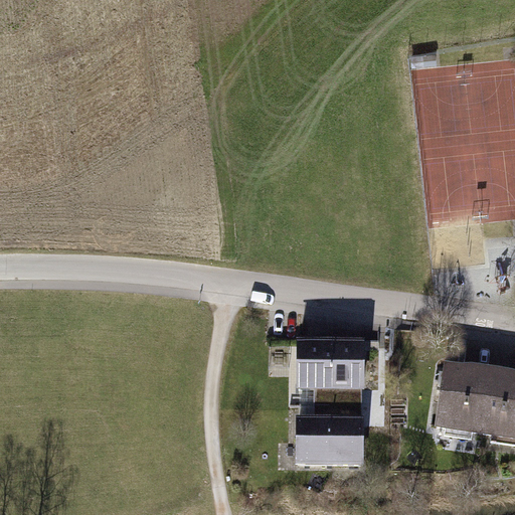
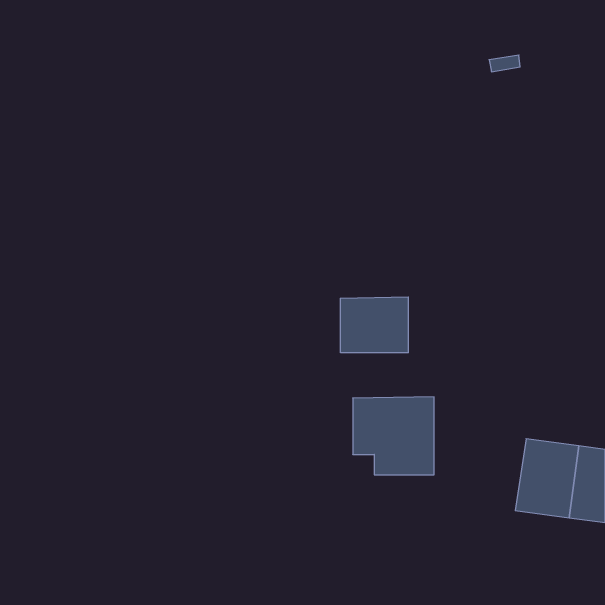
building: none -> [340,297,408,353]
building: [297,399,365,461] -> none

